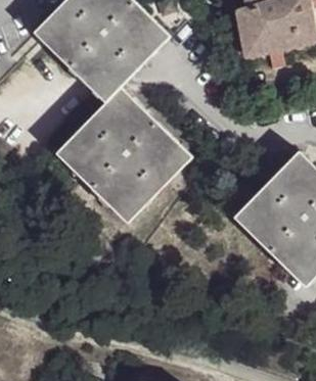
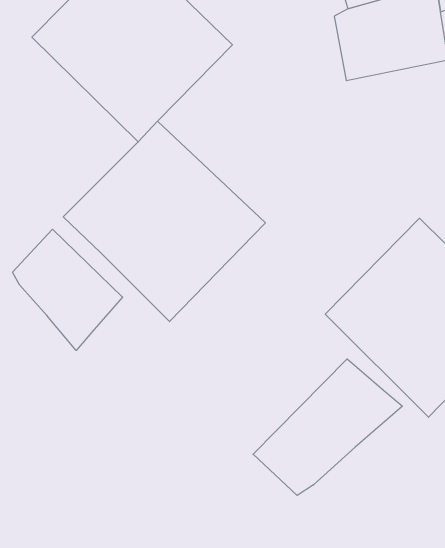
building: none -> [13,229,123,350]
building: none -> [253,359,402,495]

